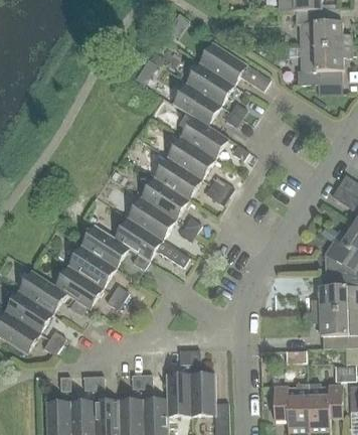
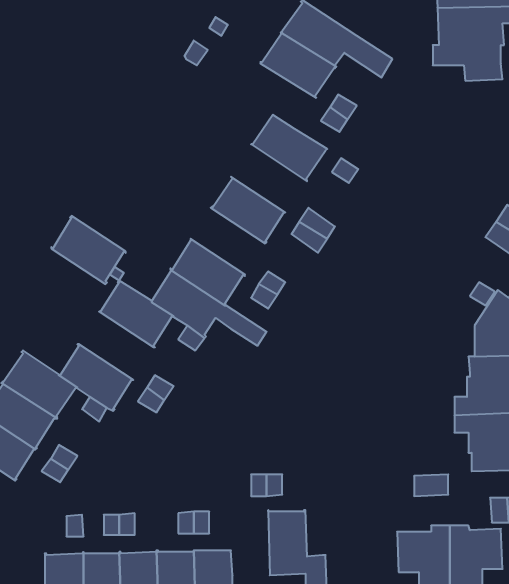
building: [173,83,222,125] -> none
building: [167,135,216,179] -> none
building: [141,176,189,220] -> none
building: [68,244,117,288] -> [51,216,126,284]
building: [166,373,192,415] -> none

